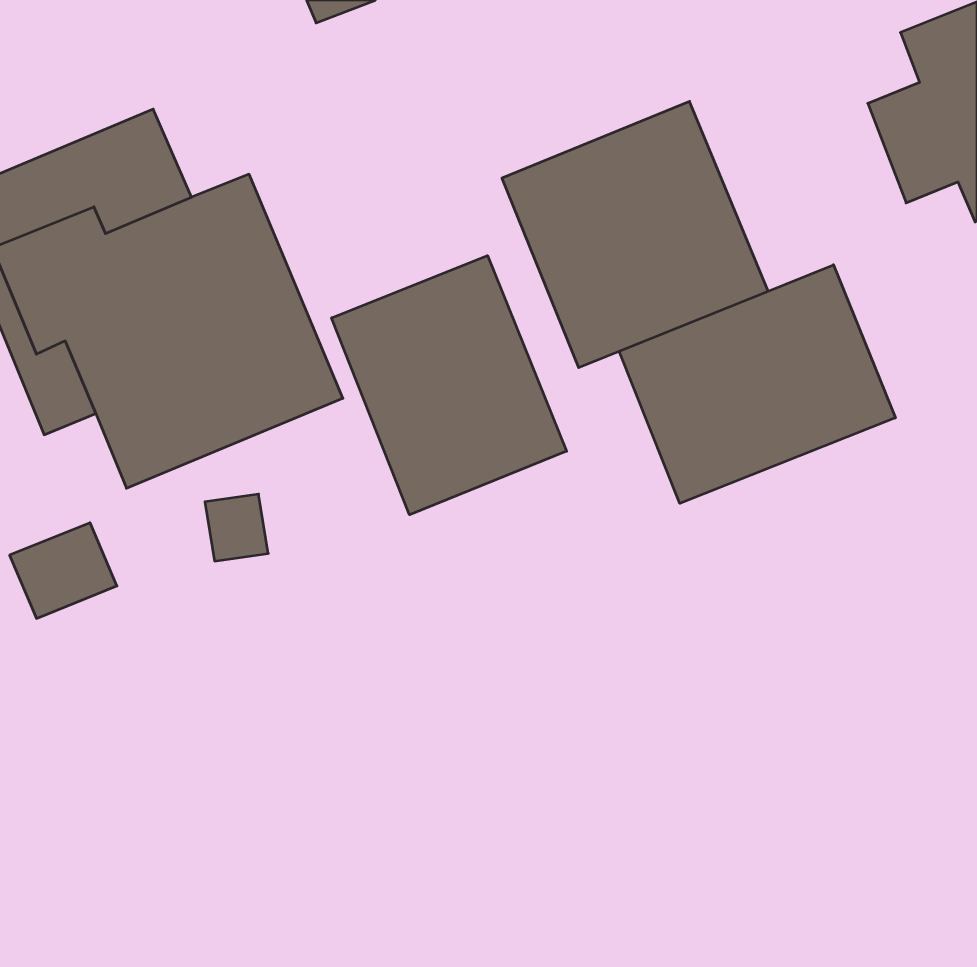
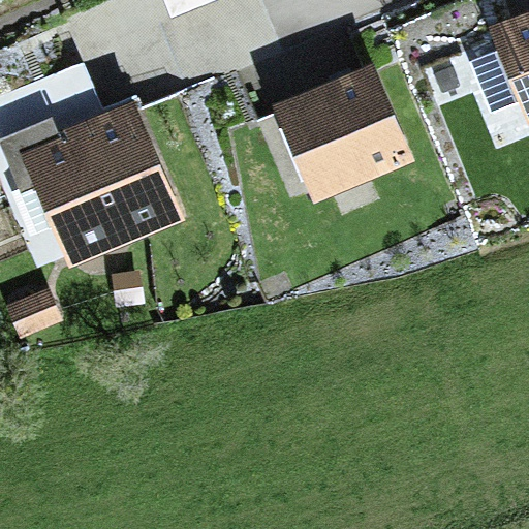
building: [332,256,567,515] -> none
building: [619,265,895,503] -> none

